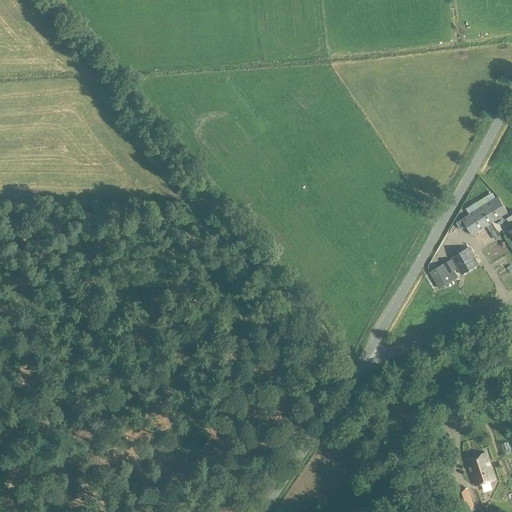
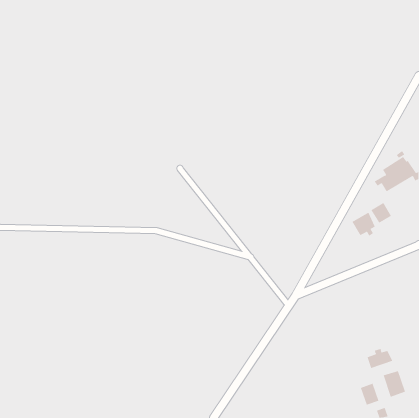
building: none -> [367,348,393,369]
building: none -> [360,383,379,405]

